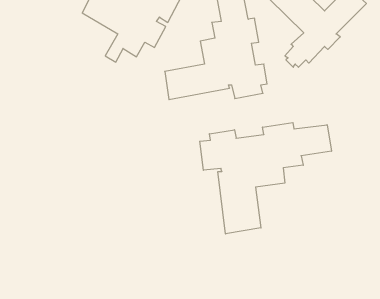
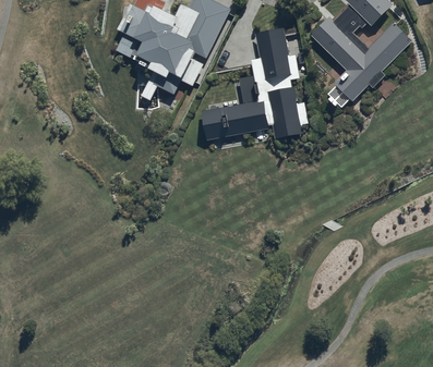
building: [200,123,331,234] -> none

